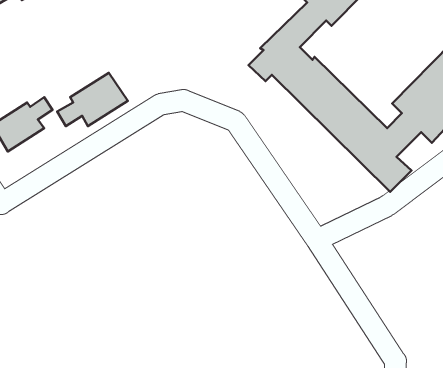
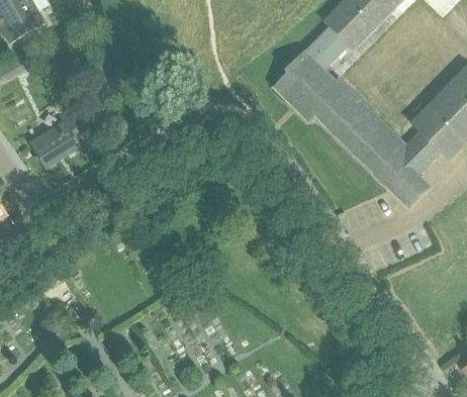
building: [57,73,128,126] -> none

